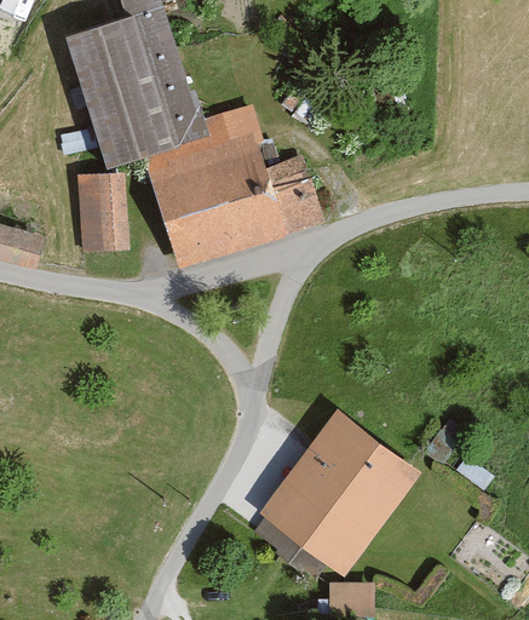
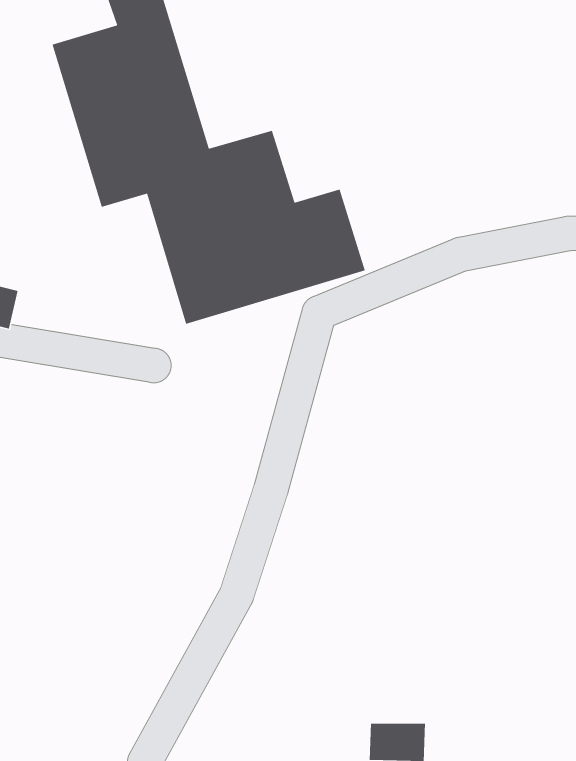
building: [75,174,128,253] -> none
building: [248,404,425,580] -> none

